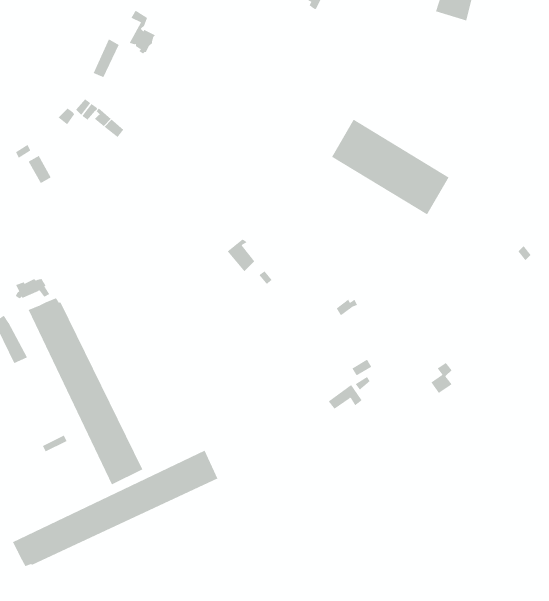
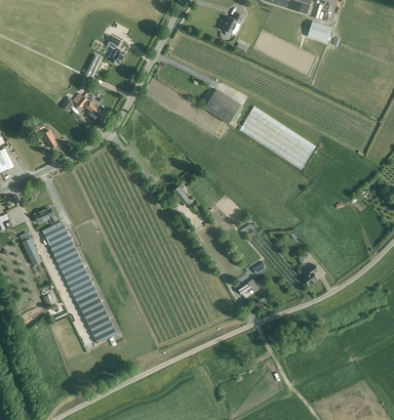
building: none -> [203,88,240,123]
building: [12,450,218,567] -> none

